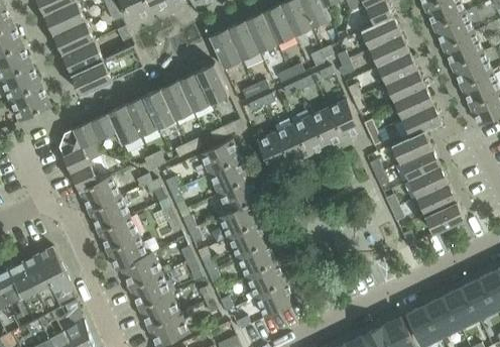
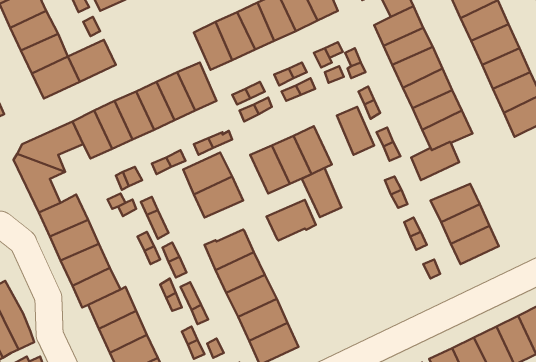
building: [309,108,343,149] -> [302,168,341,217]
building: [399,147,441,180] -> none
building: [218,180,259,214] -> [266,200,316,240]

